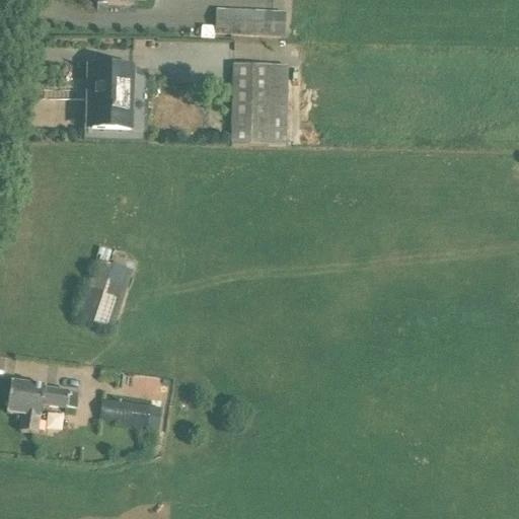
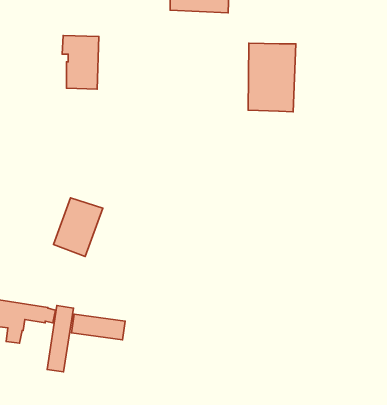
building: [231,62,288,144] -> [248,43,296,112]
building: none -> [47,306,73,372]

